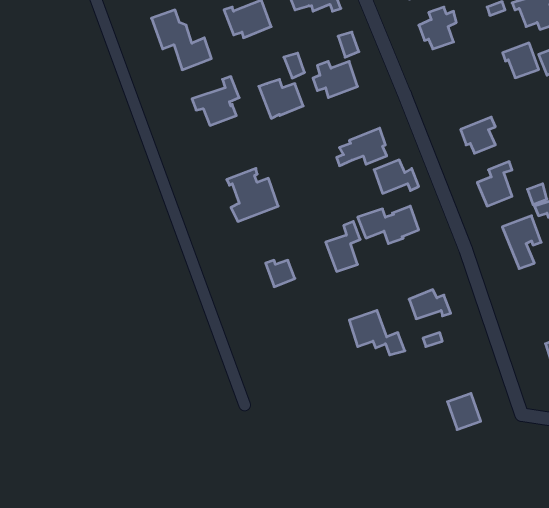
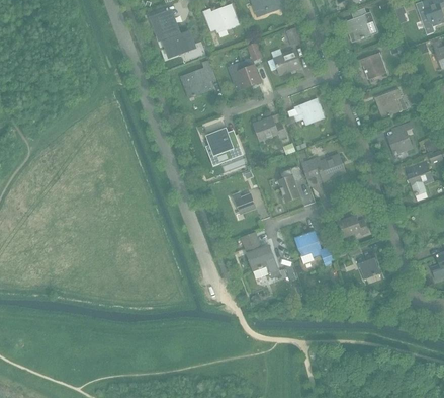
building: [503,43,539,78] -> [359,53,385,78]
building: [374,160,419,193] -> [253,115,285,140]
building: none -> [242,232,279,277]
building: [447,393,481,430] -> [356,251,380,277]

